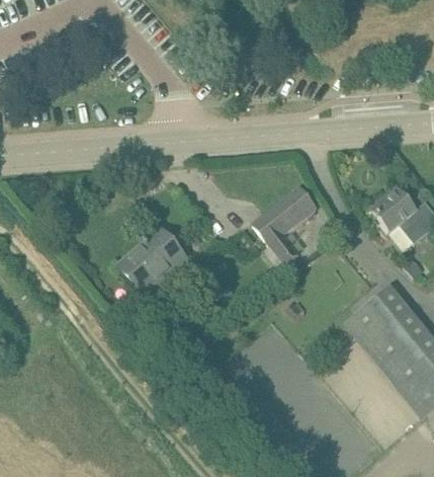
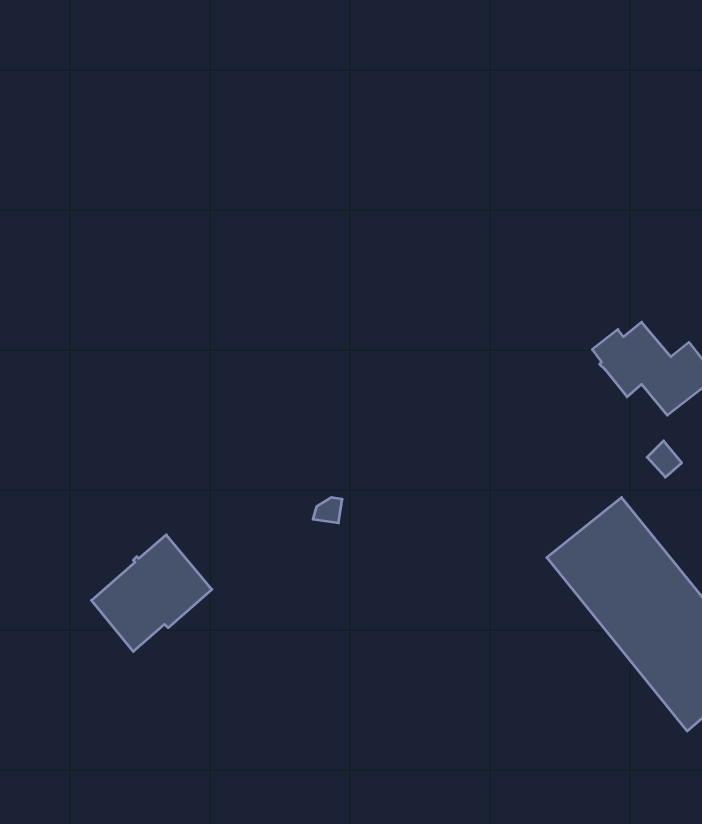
building: [253,185,316,262] -> none
building: [119,227,186,292] -> [91,535,212,652]

